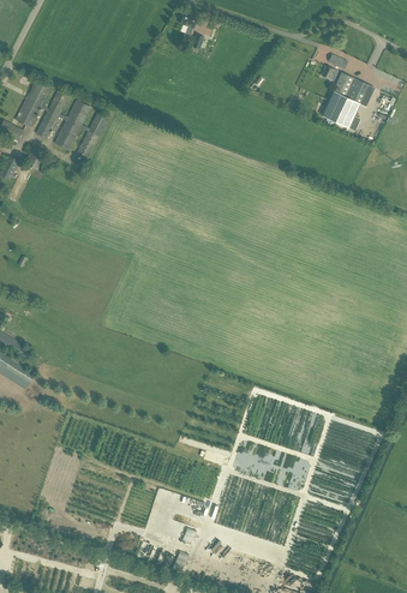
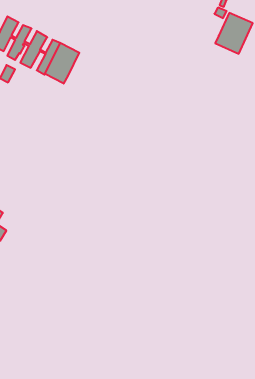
building: none -> [45,43,79,84]

